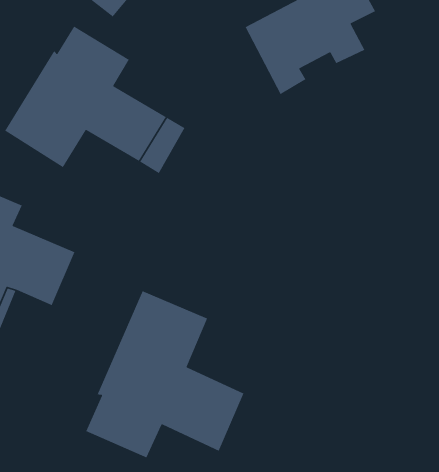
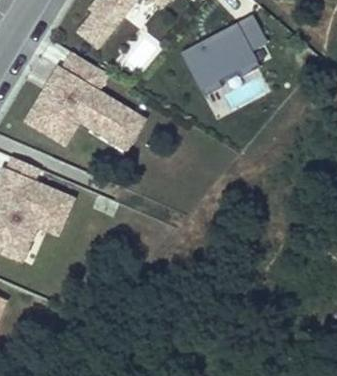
building: [85,290,244,459] -> none

